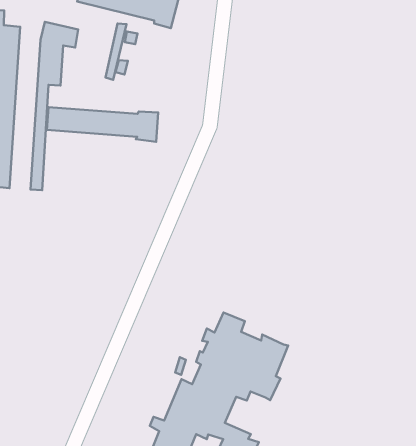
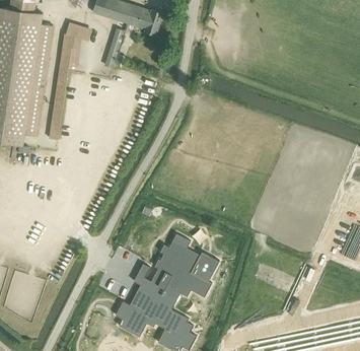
building: [47,107,158,142] -> none

